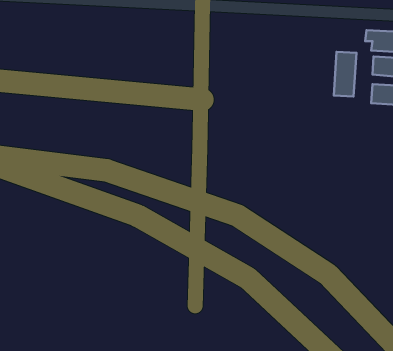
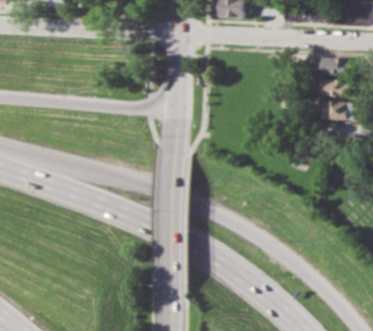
building: [334,52,356,97] -> none

